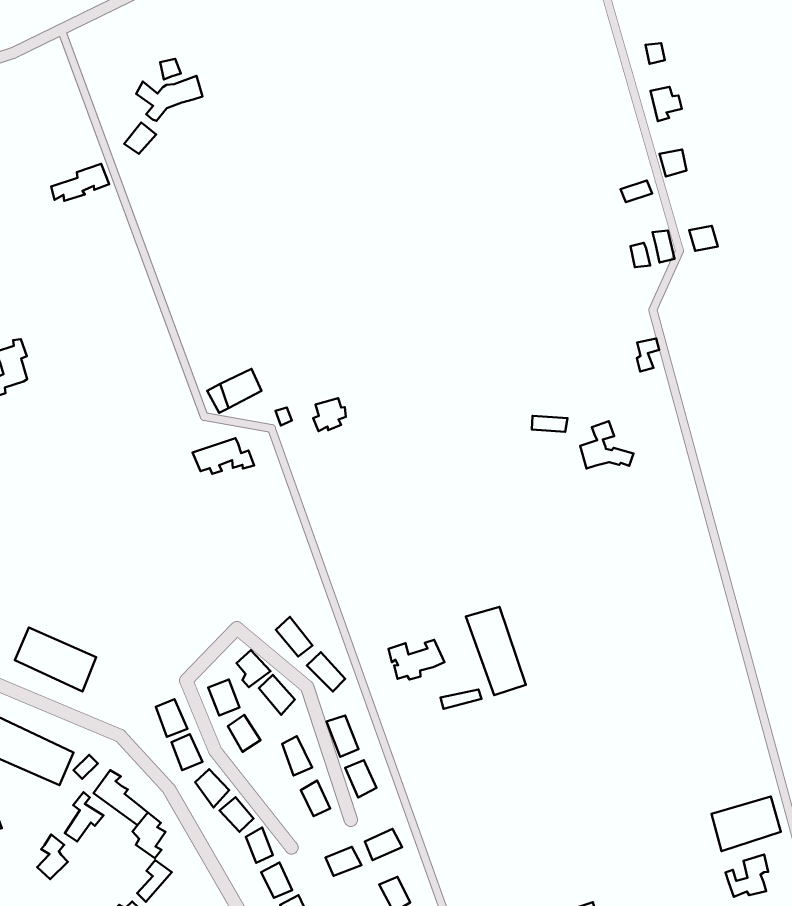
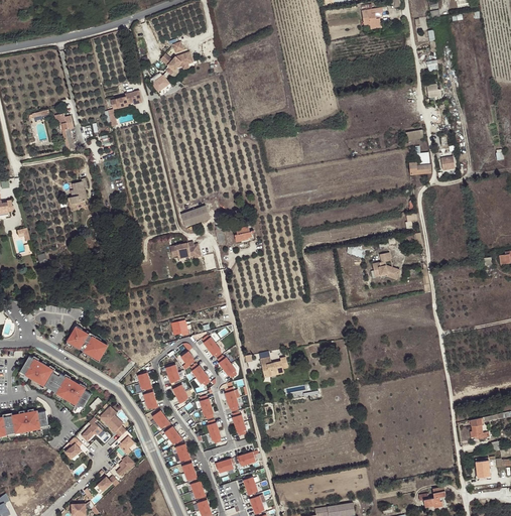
building: [466,607,526,695] -> none
building: [712,797,781,851] -> none

